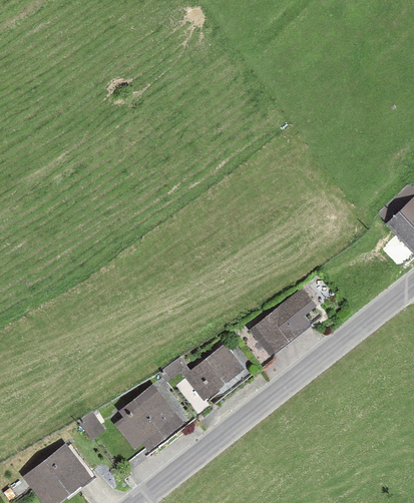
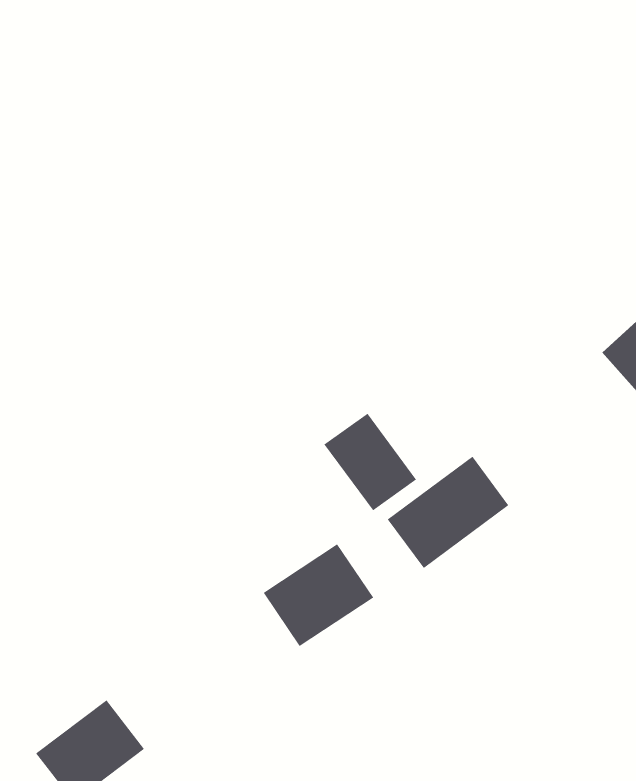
building: none -> [324,413,417,511]
building: [118,381,187,448] -> none

